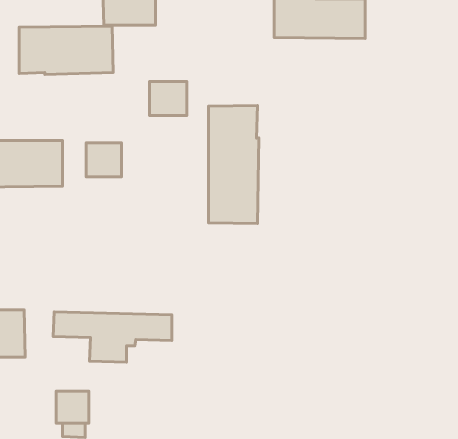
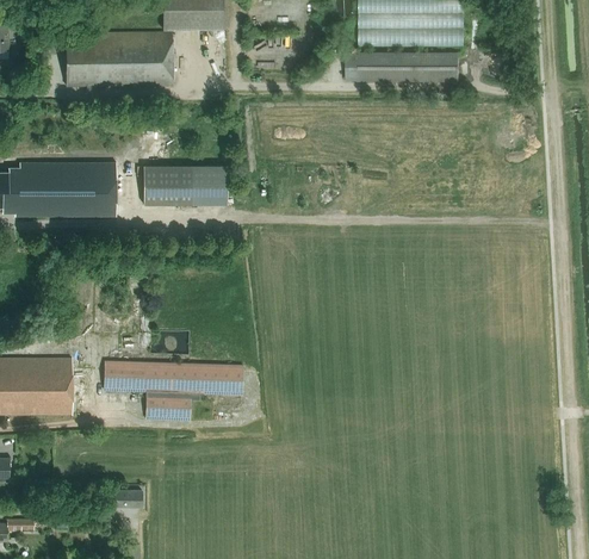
building: none -> [346,52,459,81]
building: [150,81,187,115] -> [184,166,227,205]
building: [209,106,259,224] -> none
building: [56,391,89,423] -> none

